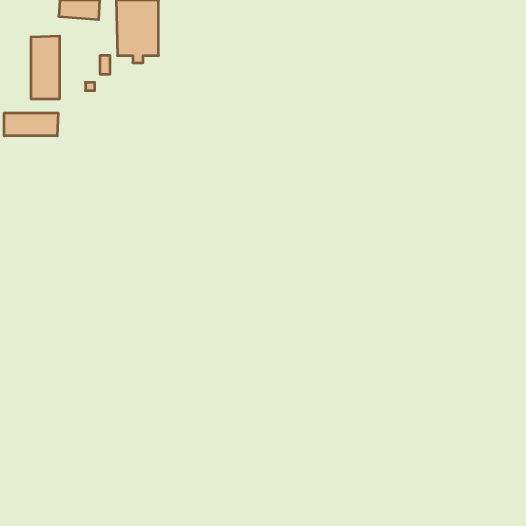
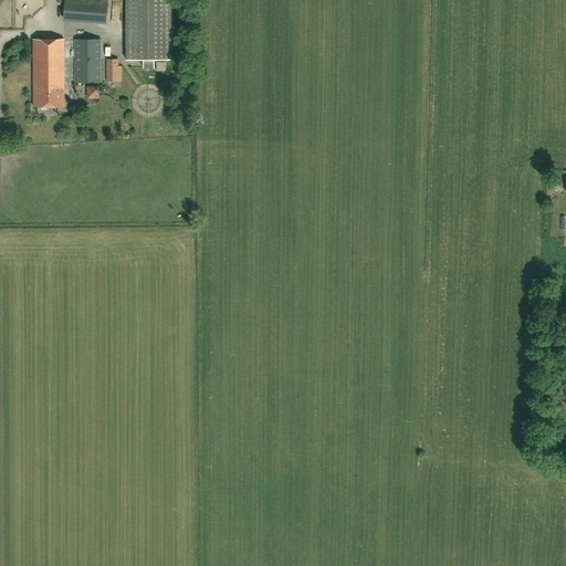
building: none -> [75,39,101,81]
building: [4,113,58,136] -> none

